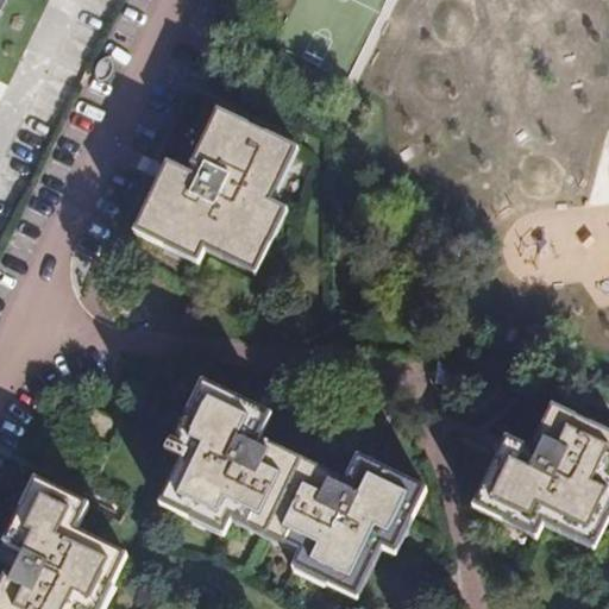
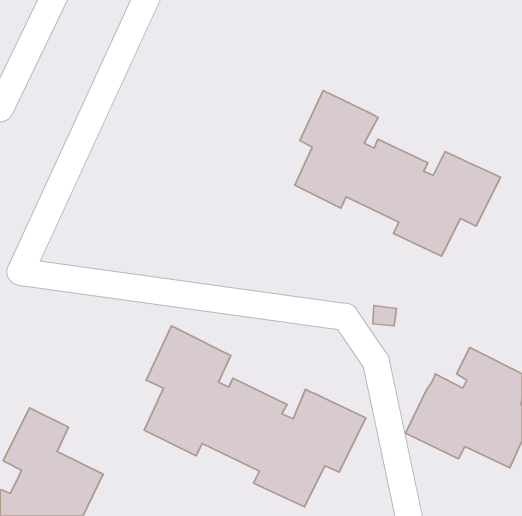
building: none -> [295,91,500,256]
building: [136,109,294,272] -> none

